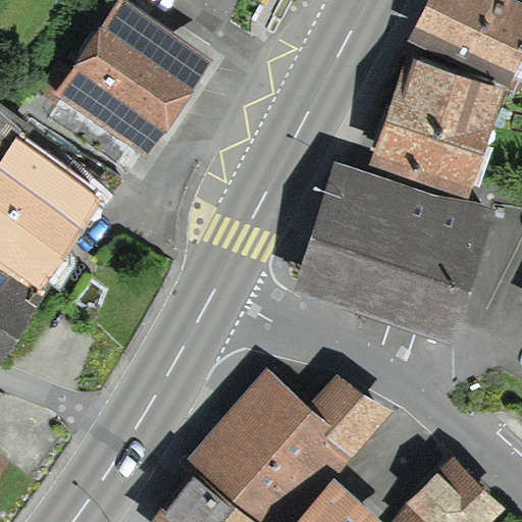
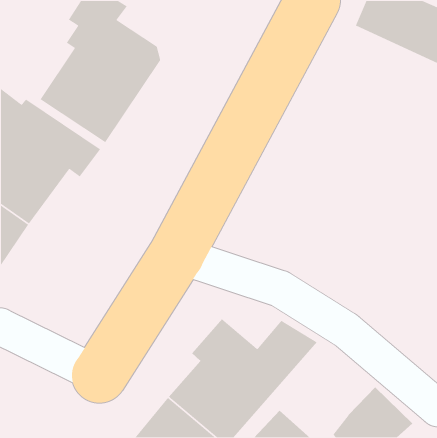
building: [386,52,493,178] -> none
building: [306,167,481,317] -> none

